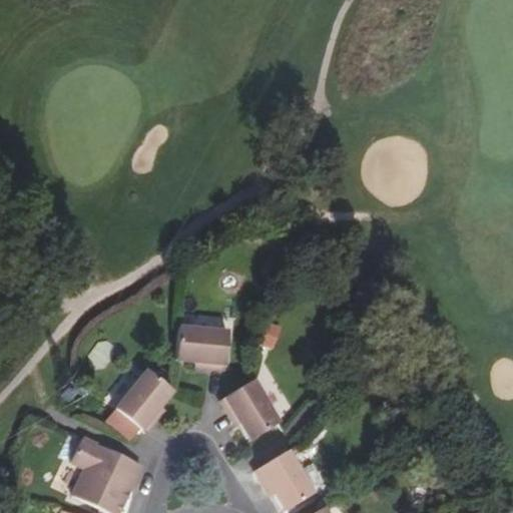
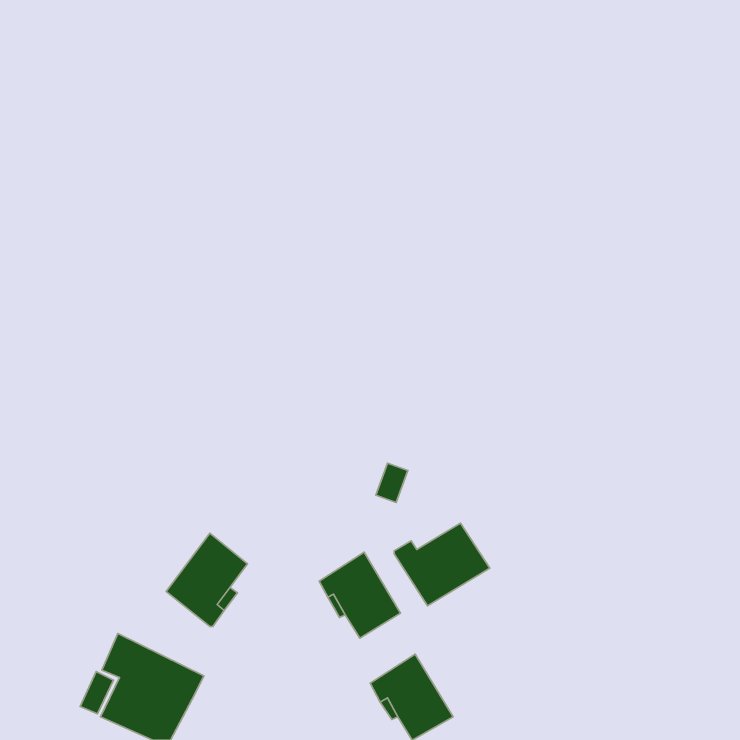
building: [176,324,228,367] -> none
building: none -> [394,523,490,606]

